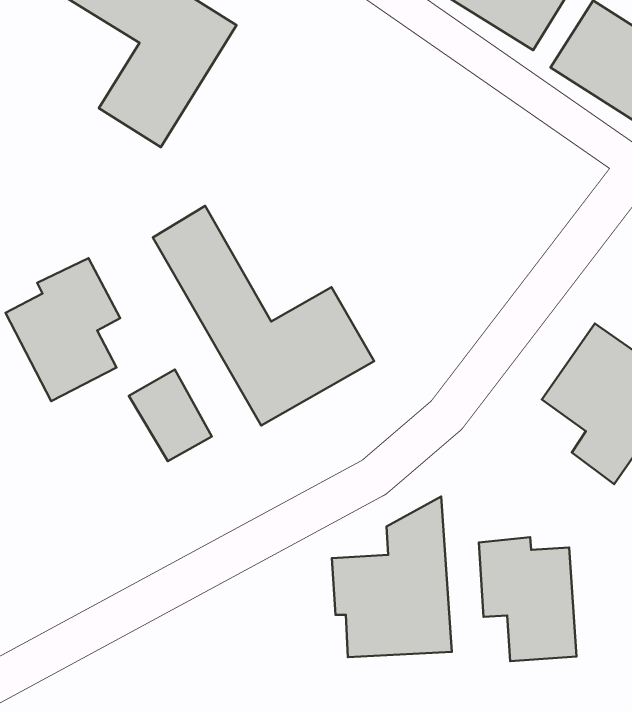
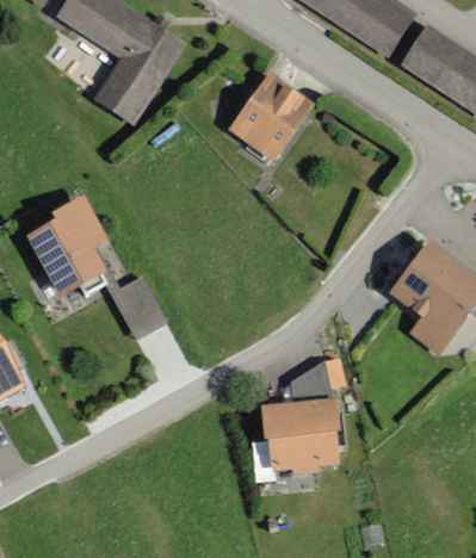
building: none -> [227,73,308,157]
building: [153,206,374,426] -> none
building: [479,537,577,661] -> none

